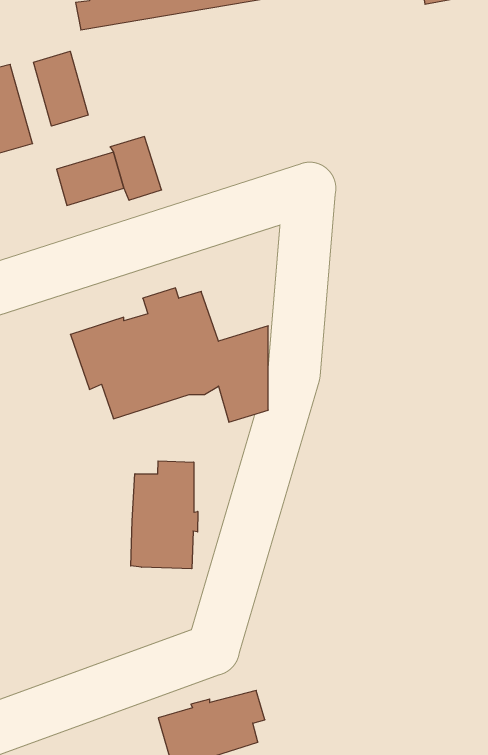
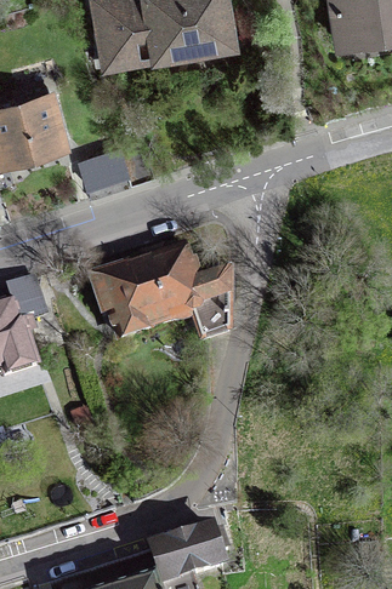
building: [33,51,88,126] -> none
building: [131,461,198,569] -> none

